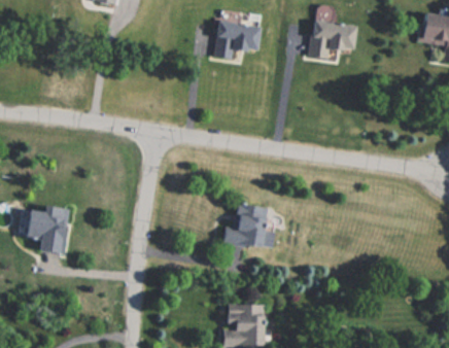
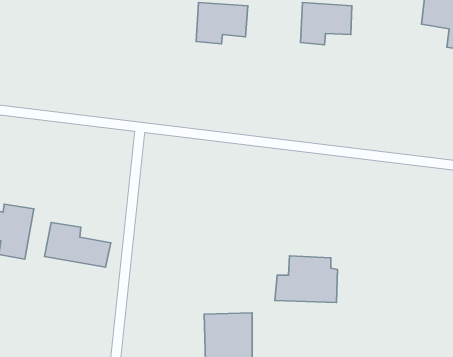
building: [222,204,279,246] -> [275,256,338,303]
building: none -> [44,222,111,267]

